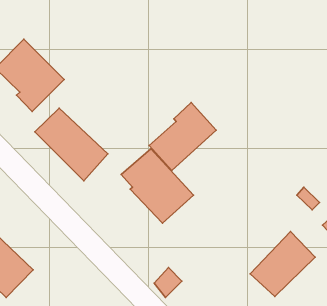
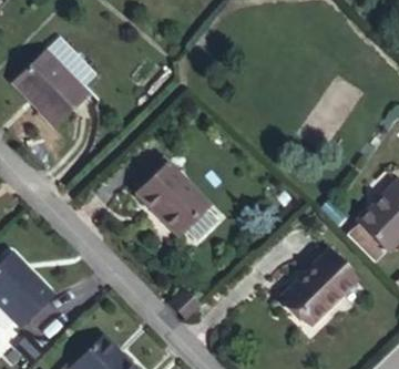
building: [149,102,216,171] -> none
building: [35,108,108,181] -> none

